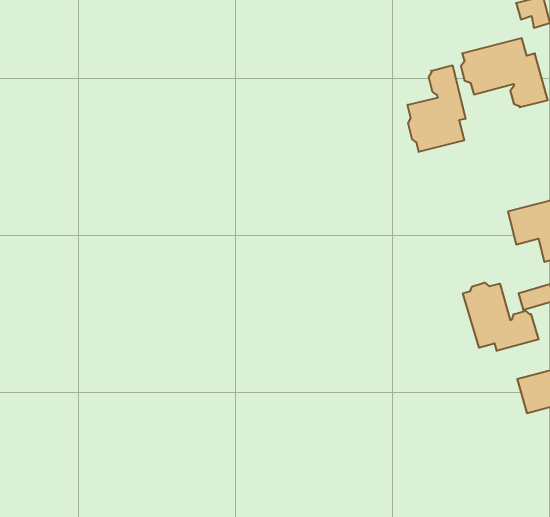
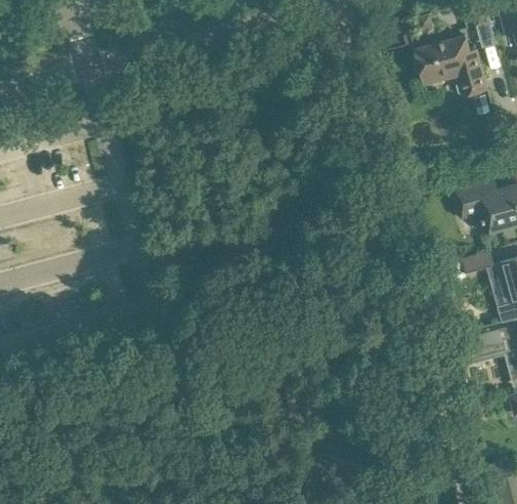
building: [408,65,465,152] -> none
building: [463,283,539,351] -> none

